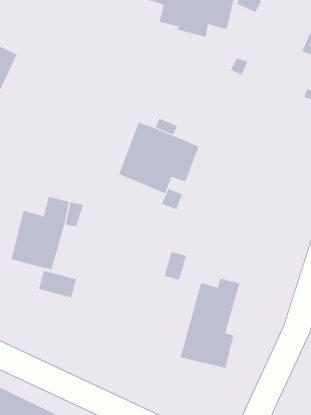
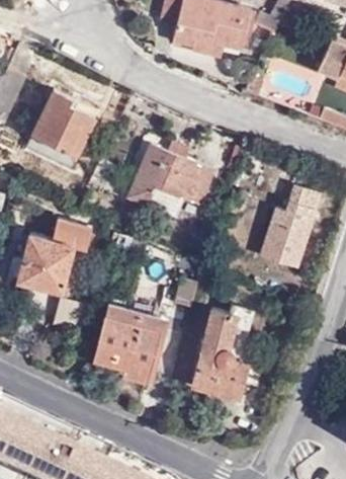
building: none -> [26,89,95,168]
building: none -> [259,185,319,267]
building: none -> [97,303,167,381]

